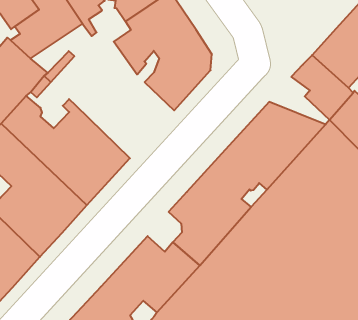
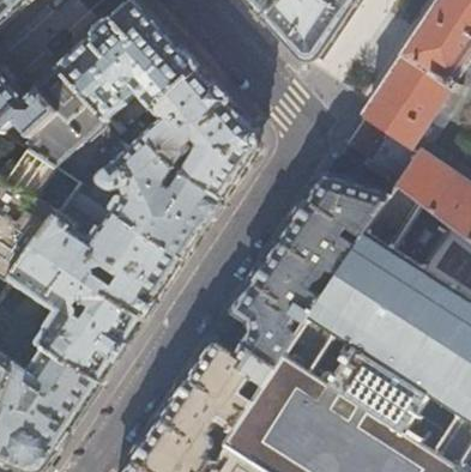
building: none -> [99,133,222,259]

